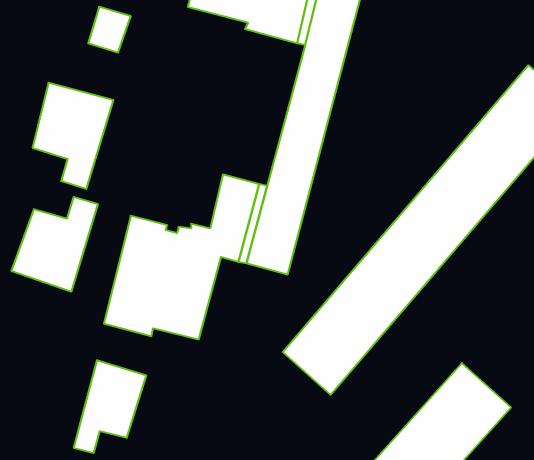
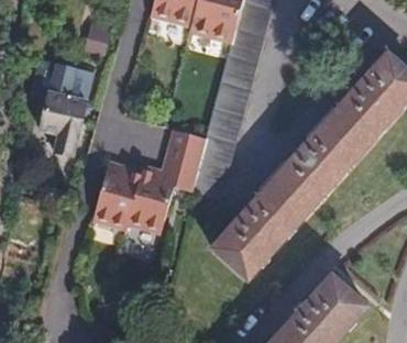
building: [12,197,98,292] -> none
building: [74,360,146,453] -> none

